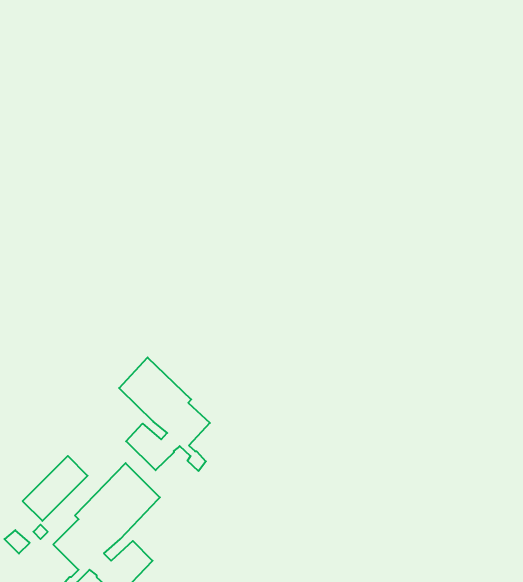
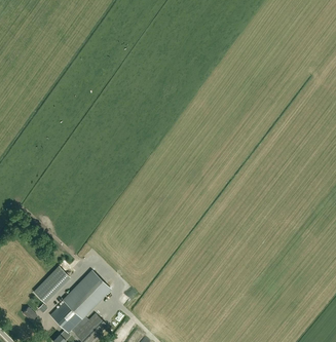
building: [119,357,210,471] -> none

